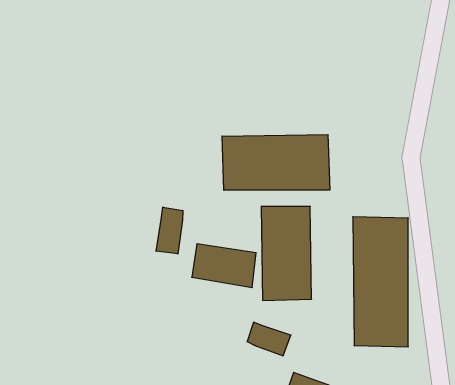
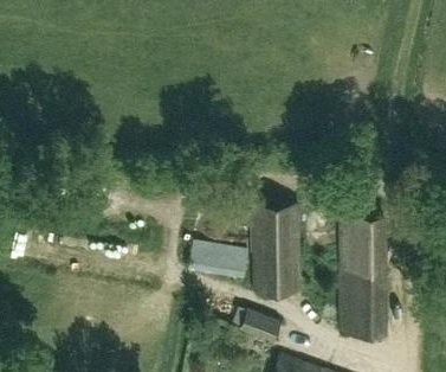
building: [222,135,330,190] -> none
building: [156,207,183,254] -> none

